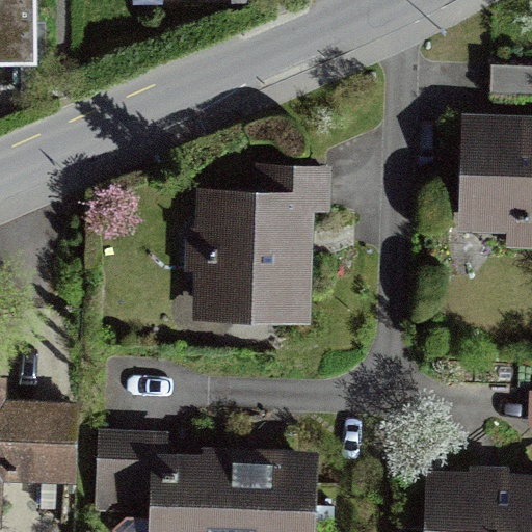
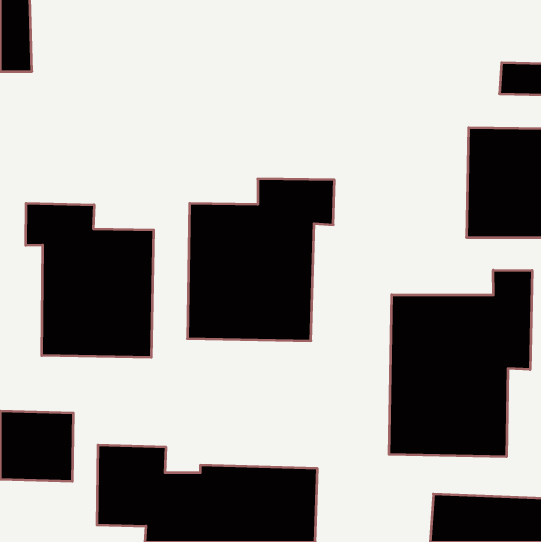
building: none -> [26,203,154,357]
building: none -> [389,270,532,457]

